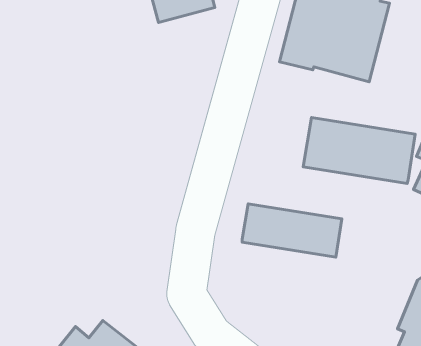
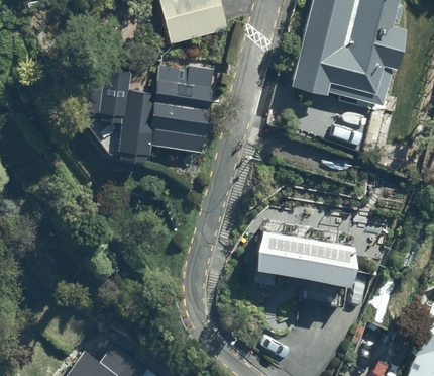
building: none -> [86,68,214,161]
building: [303,117,415,184] -> none

